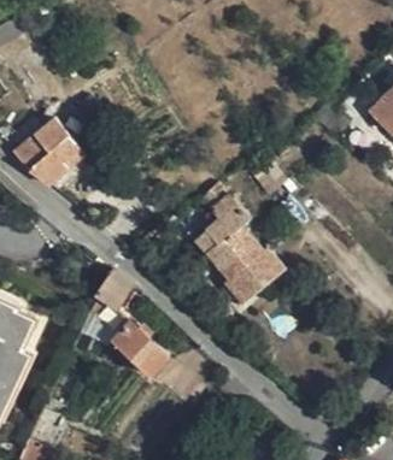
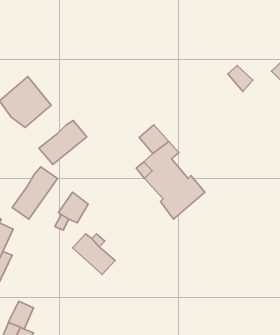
building: none -> [39,120,87,165]
building: none -> [12,167,58,219]

